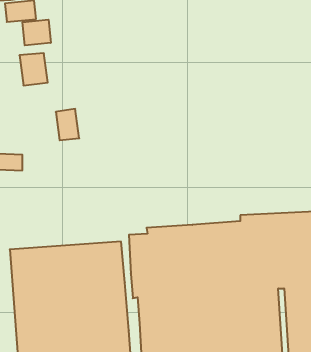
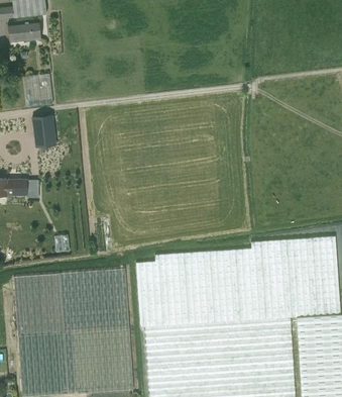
building: [23,20,51,45] -> none
building: [56,109,79,140] -> [30,113,54,145]

